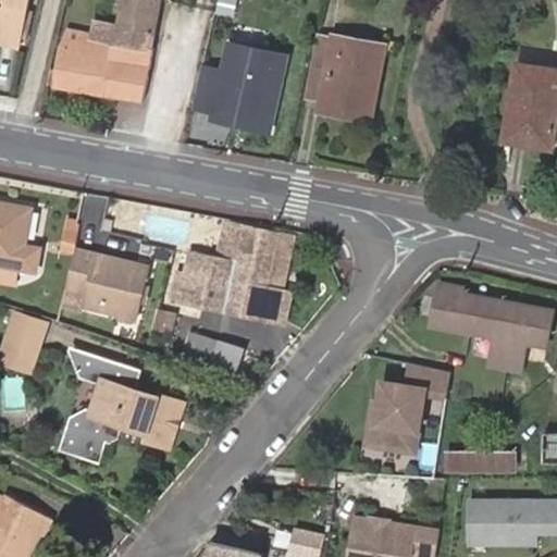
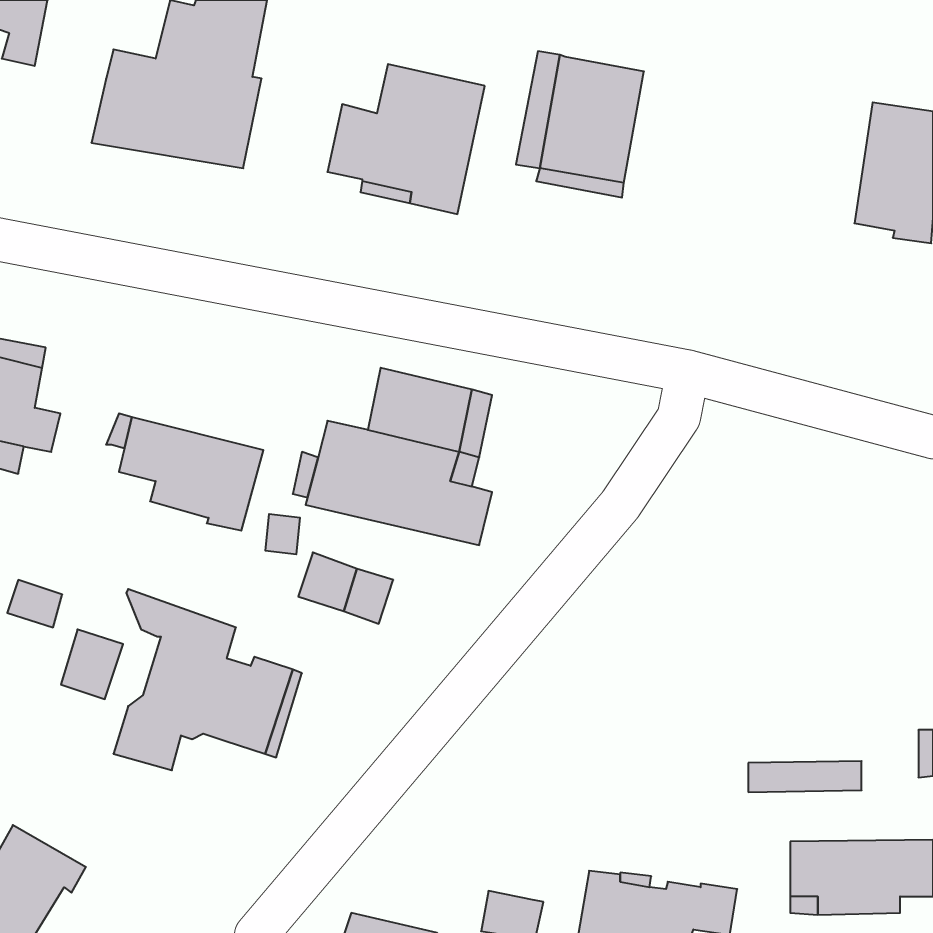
building: [430,285,549,372] -> none
building: [11,313,48,355] -> [61,629,123,699]
building: [358,364,447,454] -> none

